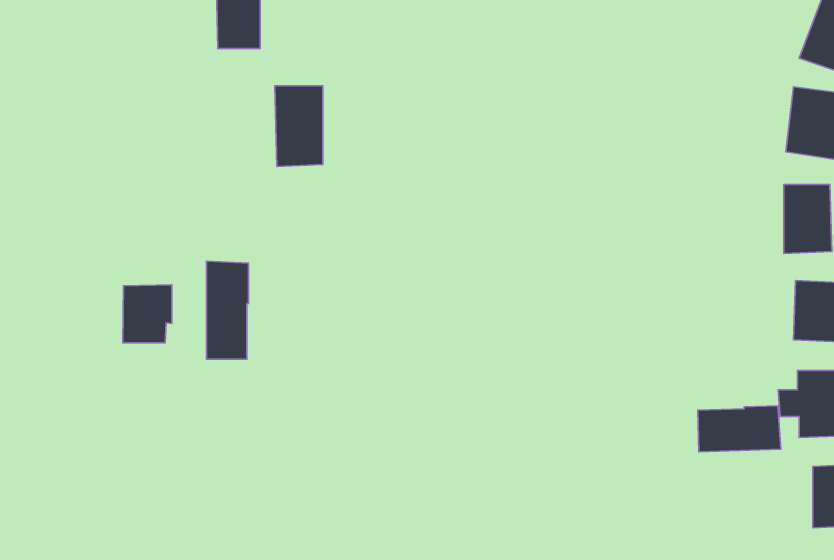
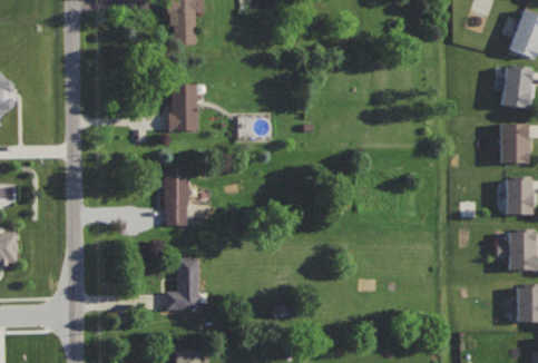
building: [275,86,323,166] -> [169,85,197,131]
building: [123,285,172,343] -> none
building: [698,406,781,452] -> none
building: none -> [164,258,199,311]

